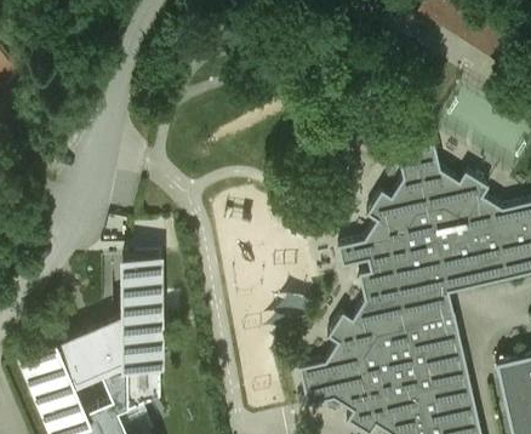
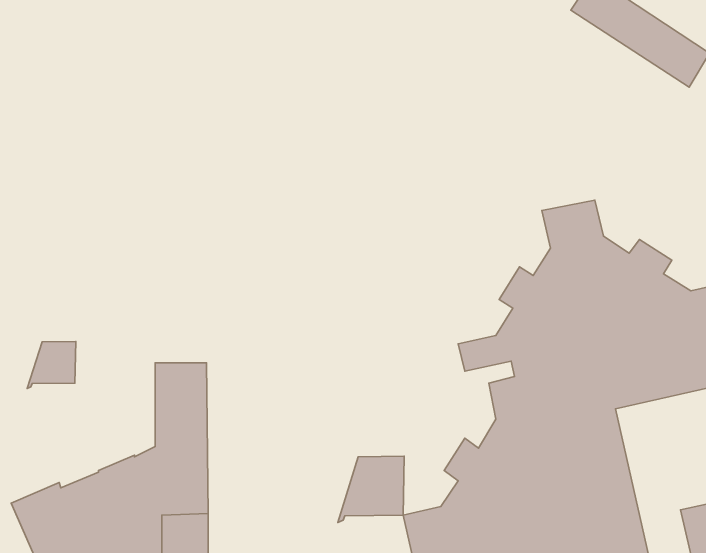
building: none -> [27,341,76,388]
building: none -> [338,456,404,522]

